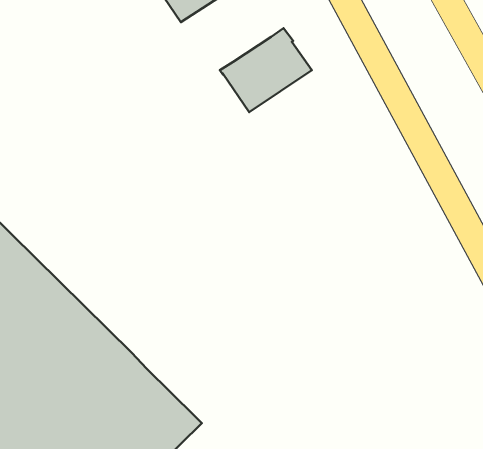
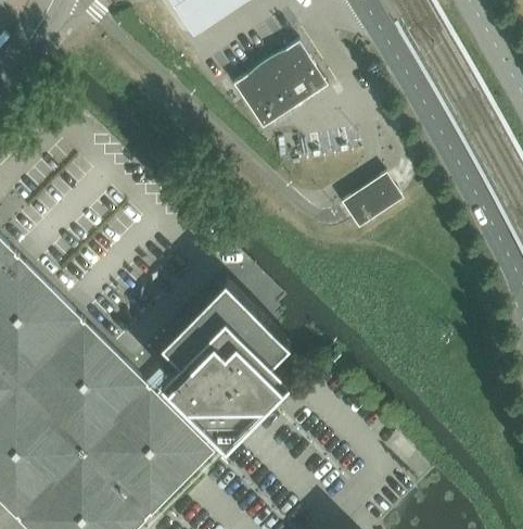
building: none -> [342,174,401,228]
building: none -> [156,277,291,445]

